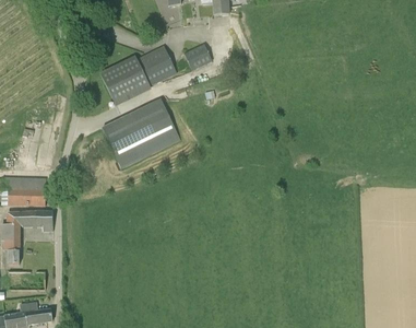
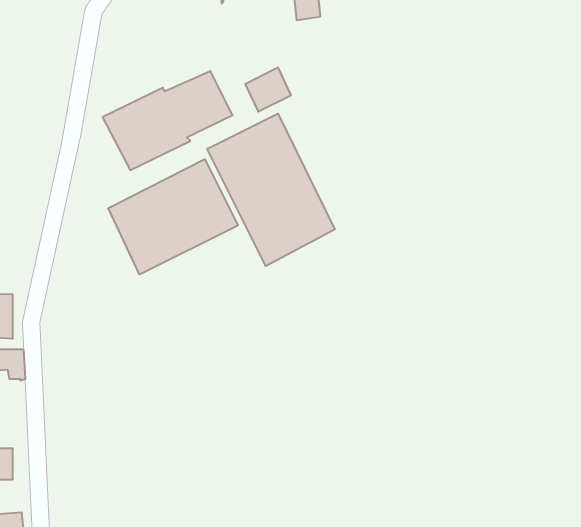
building: none -> [207,114,335,266]

